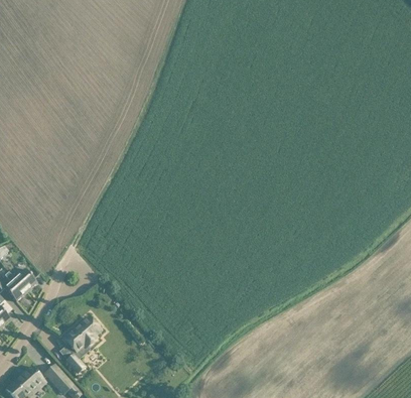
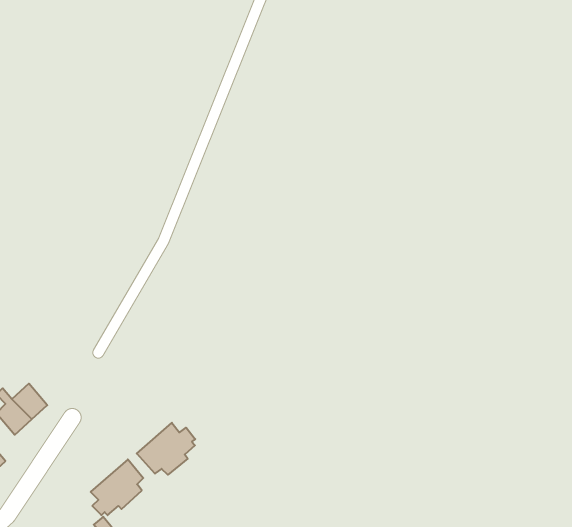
building: none -> [137,423,195,475]

